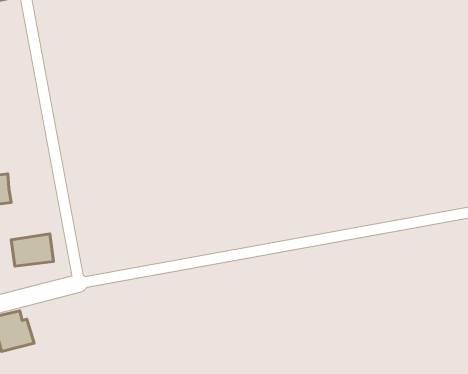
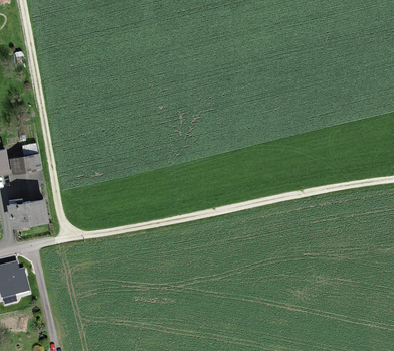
building: none -> [8,153,39,176]

